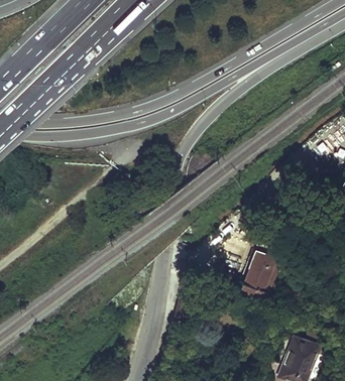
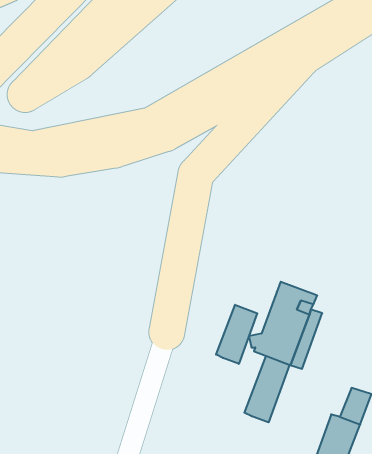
building: none -> [216,305,257,364]
building: none -> [244,356,289,422]

